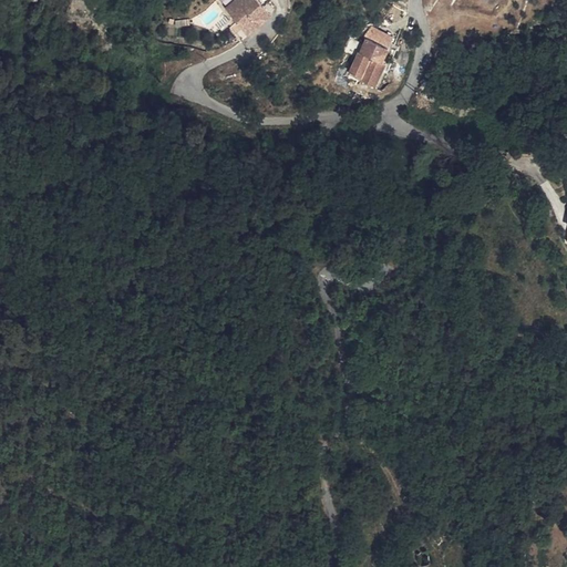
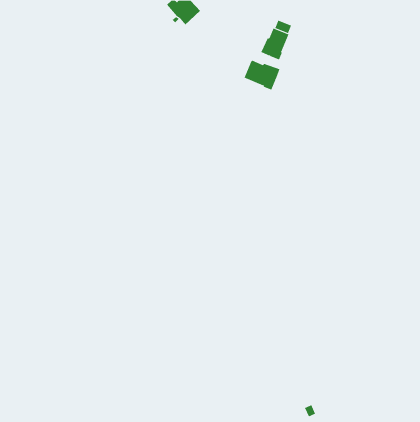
building: none -> [243,60,280,91]

